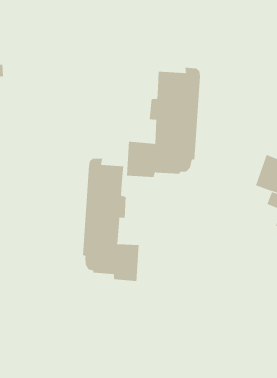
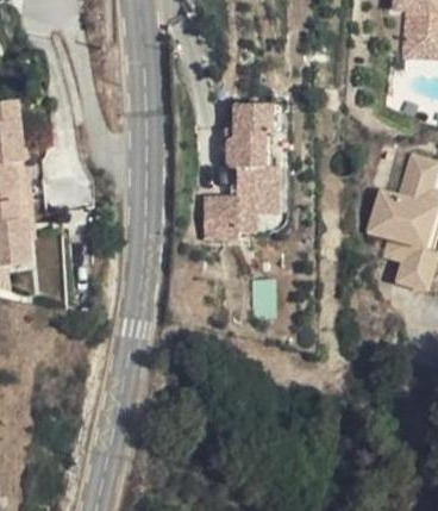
building: [83,158,139,282] -> none

